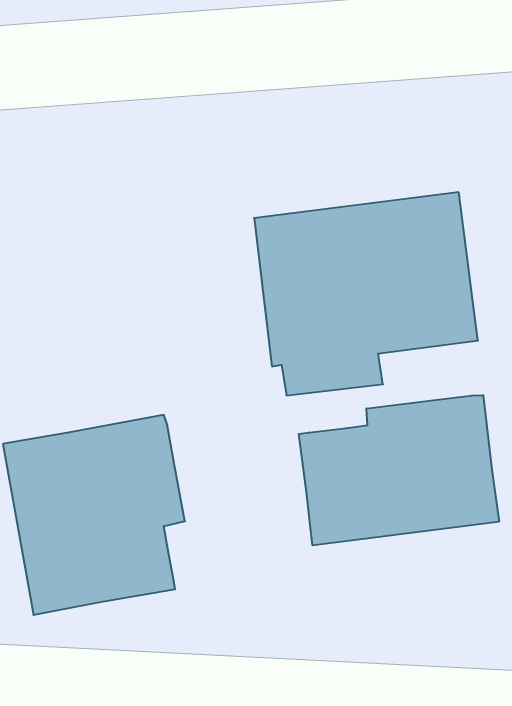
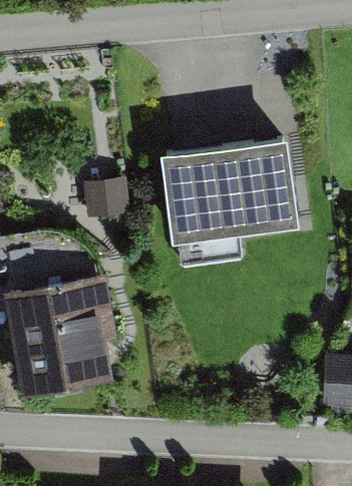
building: [299,395,499,545] -> none

